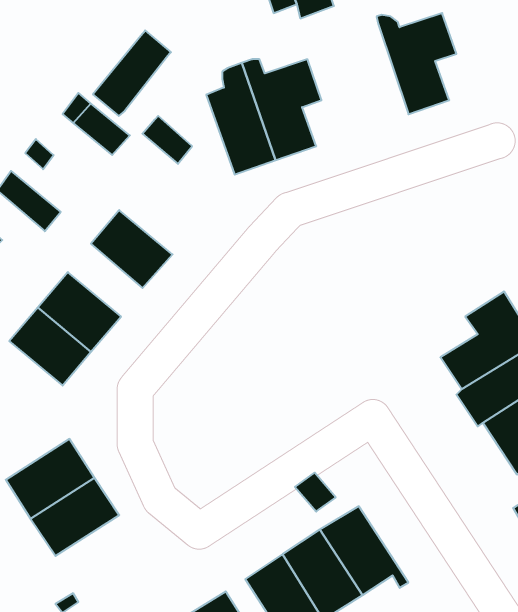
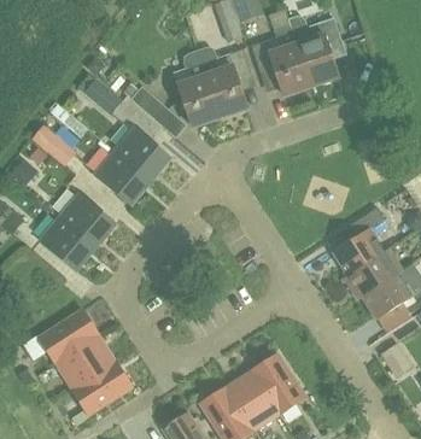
building: none -> [252,25,311,96]
building: [93,30,171,116] -> none
building: none -> [115,128,170,182]
building: none -> [71,359,131,414]

